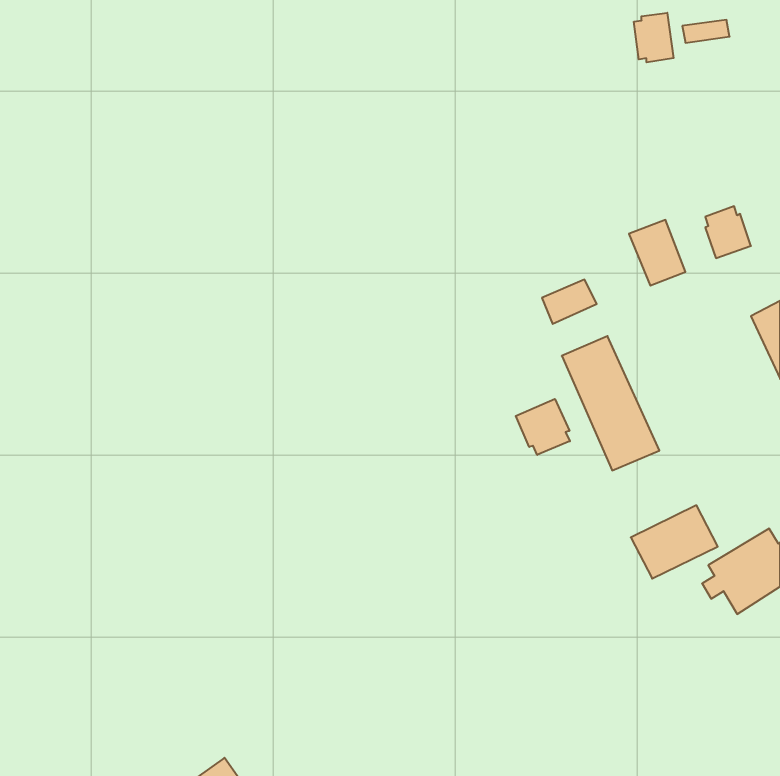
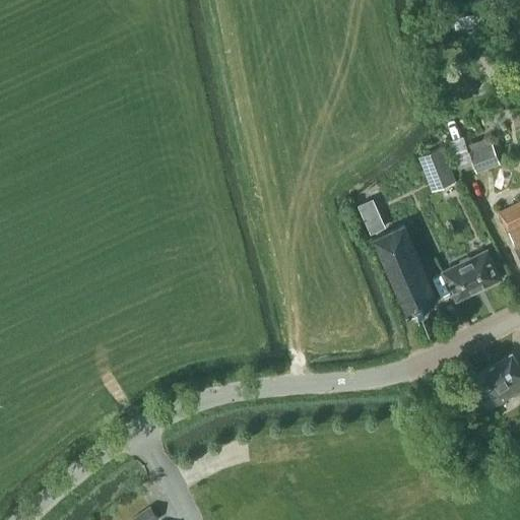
building: [634,13,674,62] -> none
building: [516,399,570,455] -> none
building: [631,505,718,579] -> [443,252,501,301]

